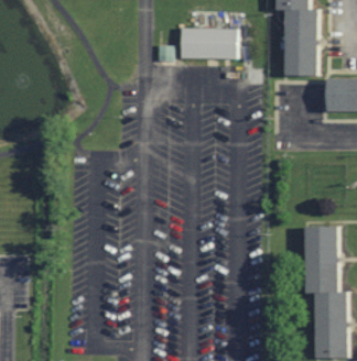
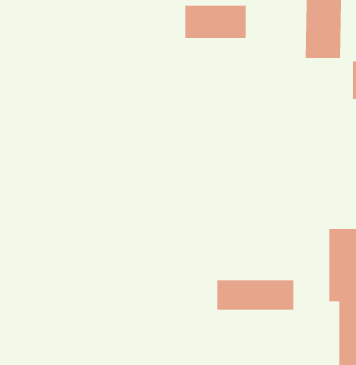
building: none -> [217,279,294,310]

